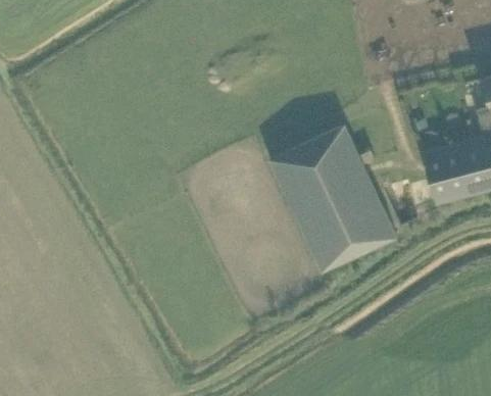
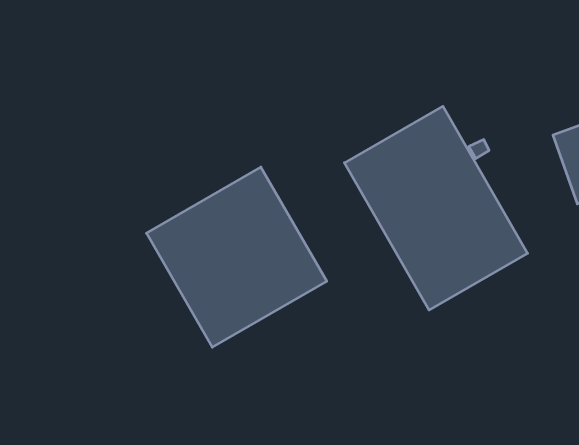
building: none -> [146,167,327,347]

